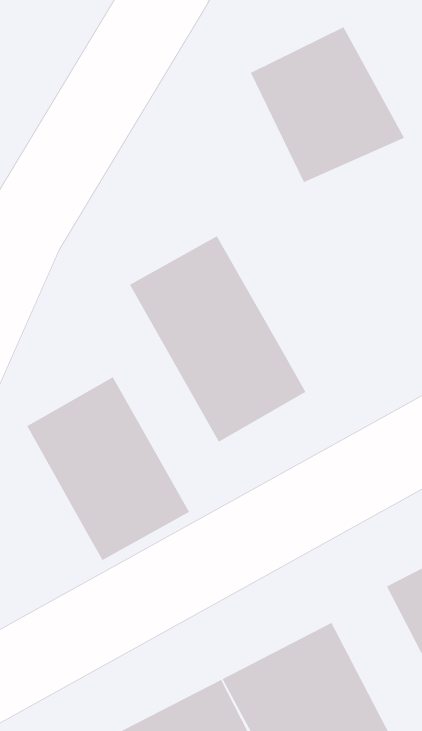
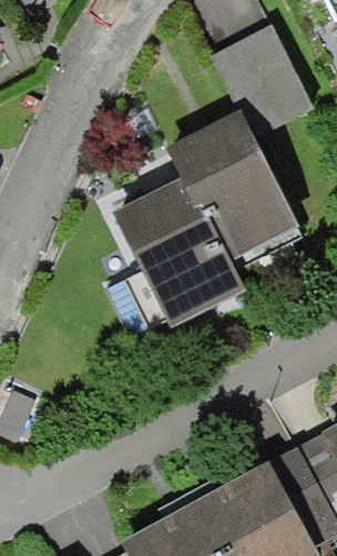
building: none -> [165,113,298,267]
building: [26,376,190,561] -> none

